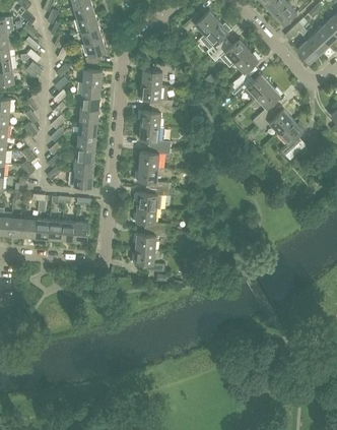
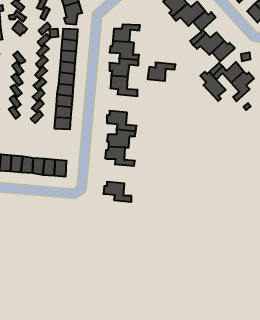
building: none -> [200,72,226,101]
building: [137,146,170,168] -> [148,63,176,81]
building: [132,228,165,250] -> none

